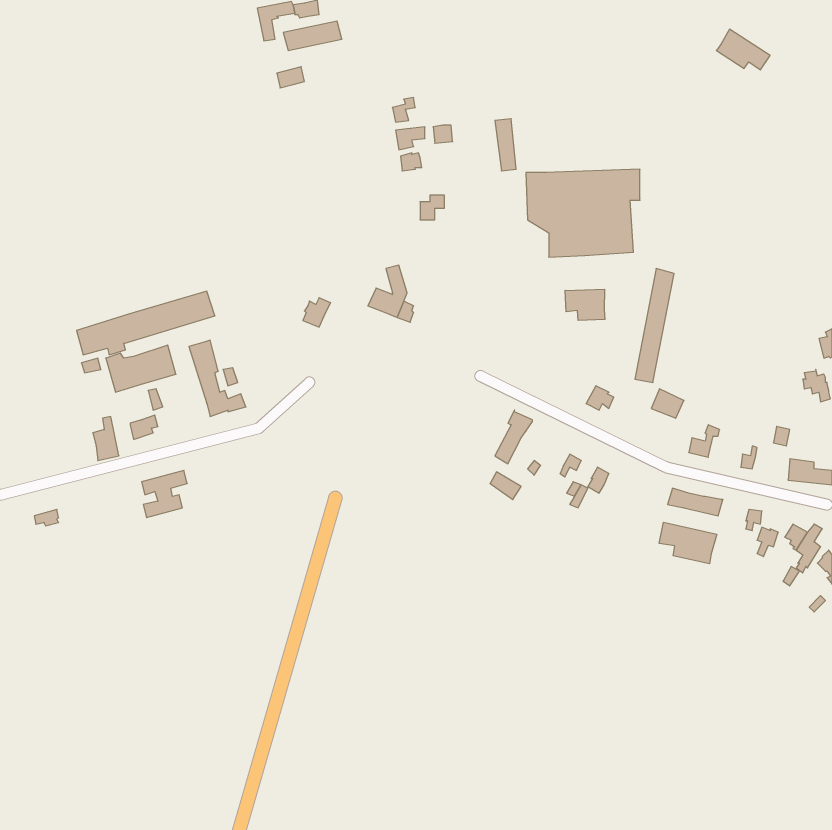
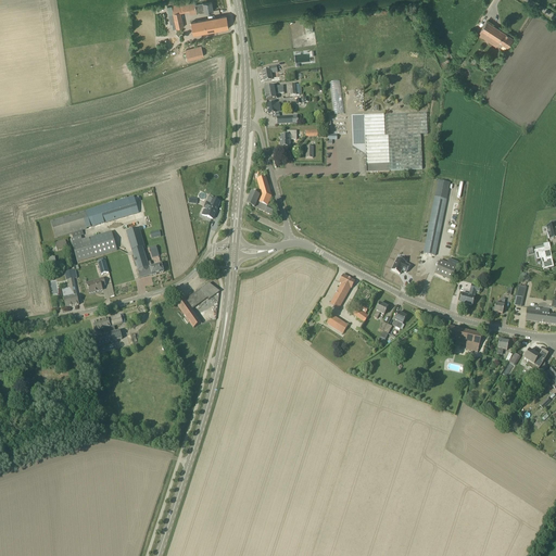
building: [565,289,605,320] -> none
building: none -> [178,282,219,327]
building: [659,522,717,564] -> none

